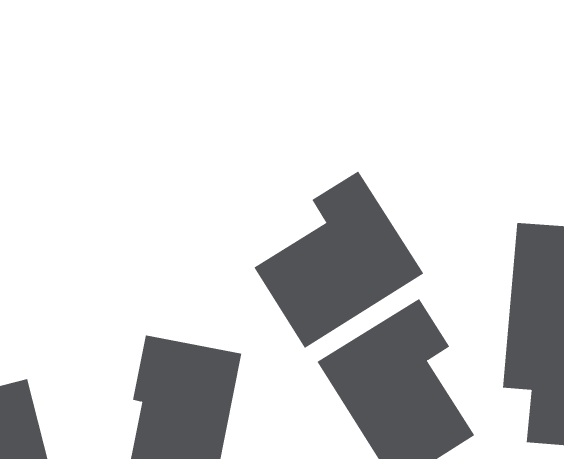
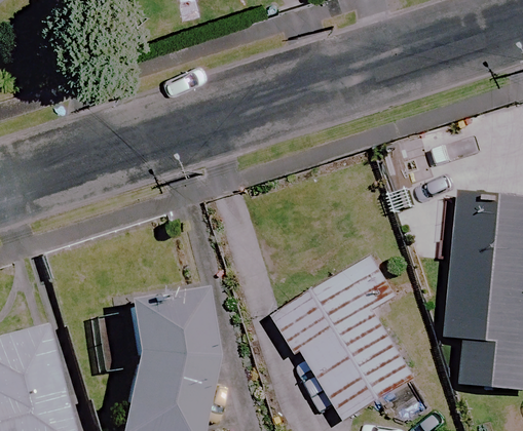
building: [254,170,424,349] -> none

